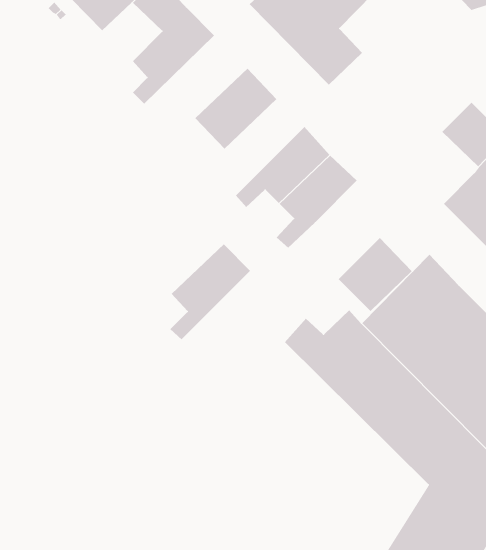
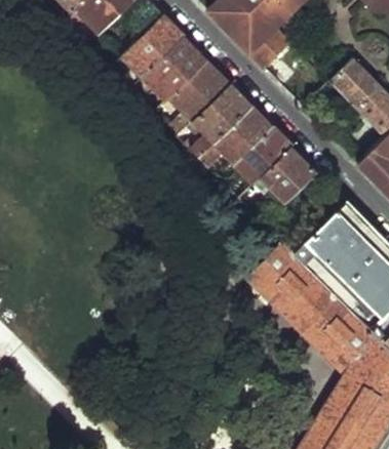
building: none -> [130,36,208,98]
building: none -> [327,58,378,109]
building: [338,237,412,312] -> [260,146,316,202]
building: [169,244,251,340] -> [190,84,251,157]

